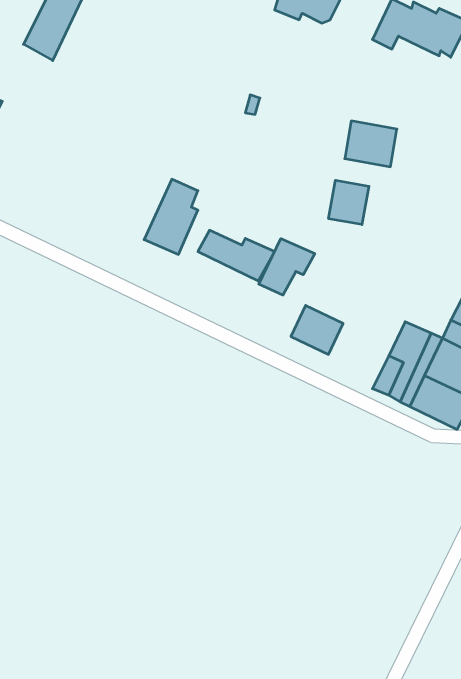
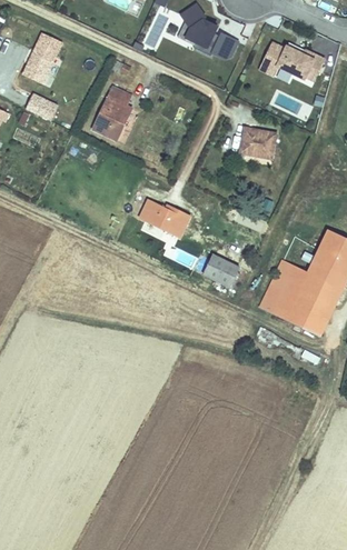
building: none -> [26,92,57,120]
building: [144,179,198,254] -> [92,83,129,134]
building: [329,180,369,225] -> none
building: [259,239,315,295] -> none

